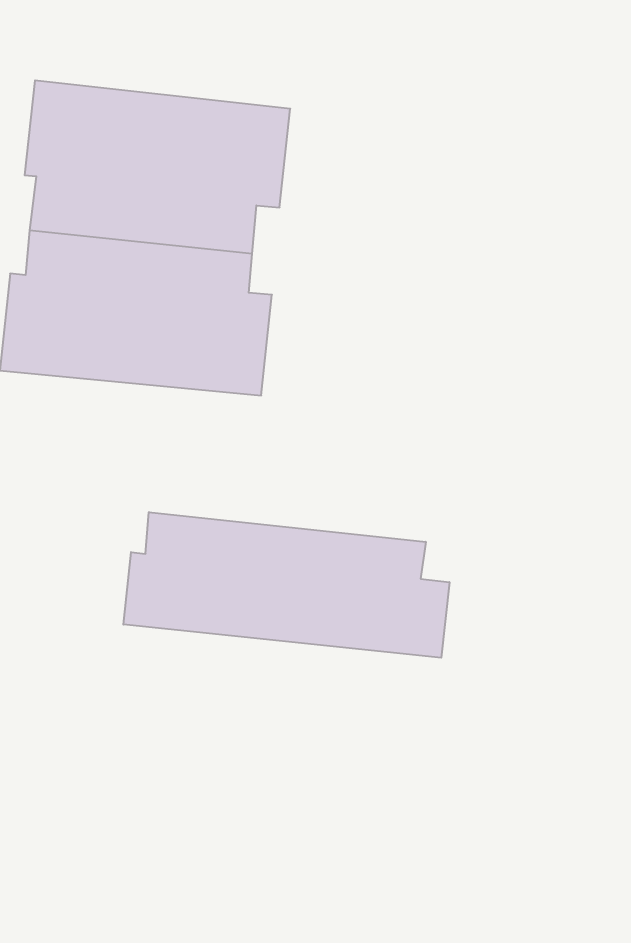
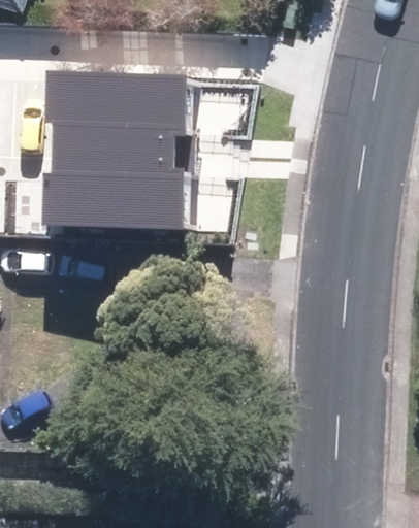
building: [123,512,449,658] -> none

